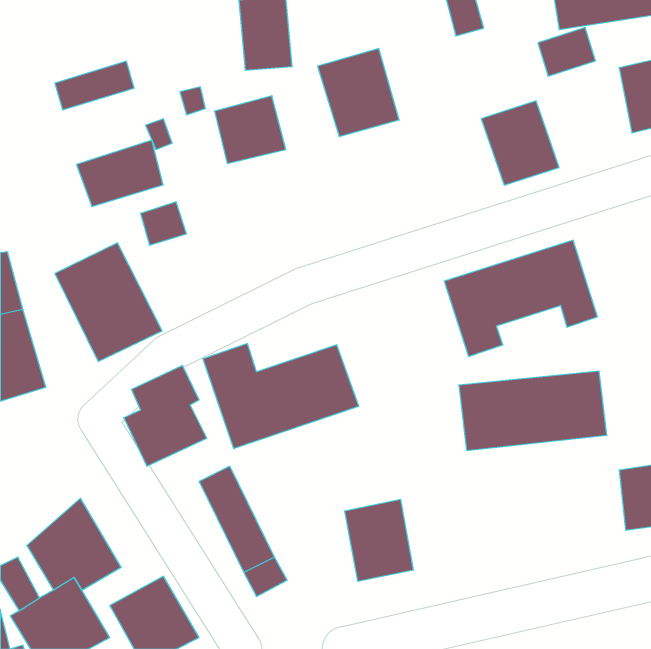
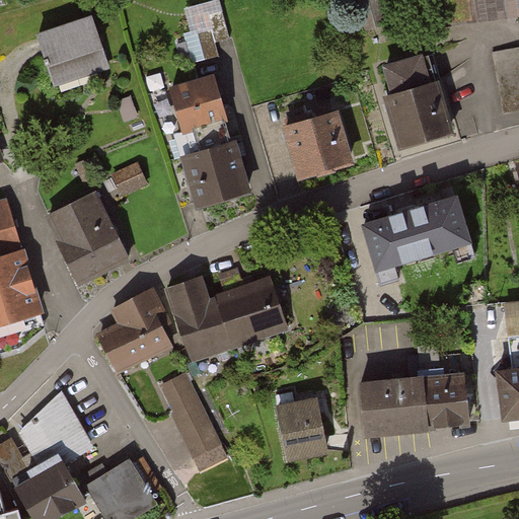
building: [538,28,595,76] -> [381,54,427,92]
building: [318,48,399,137] -> [282,109,347,179]
building: [77,140,163,207] -> [32,13,101,66]
building: none -> [177,143,242,207]
building: [459,371,607,450] -> [361,374,478,437]

